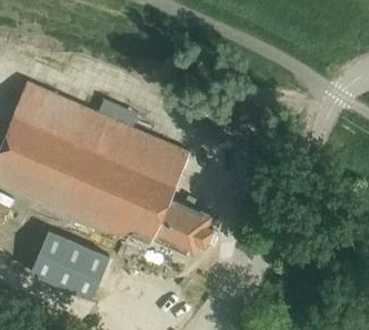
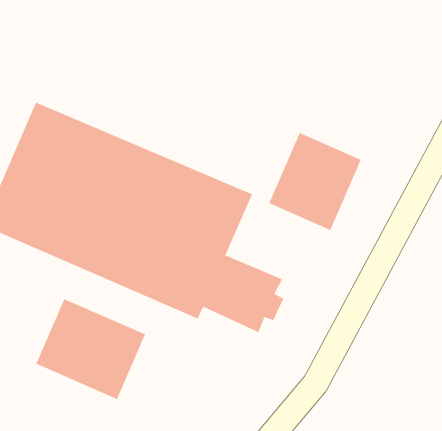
building: none -> [268,132,361,231]

